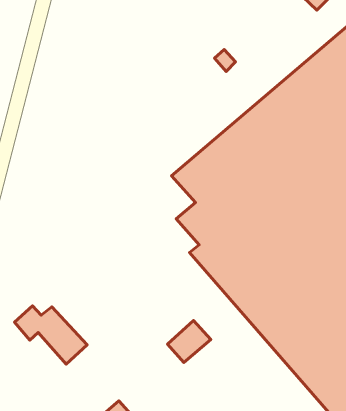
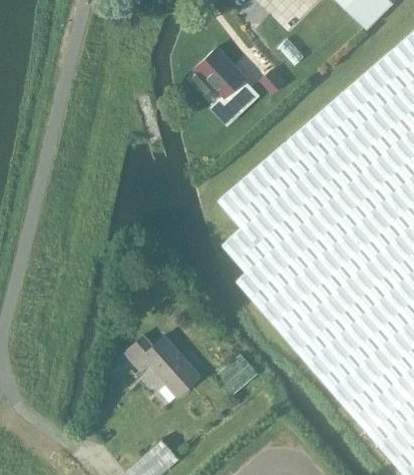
building: none -> [194,47,259,121]
building: [14,306,87,364] -> [123,335,199,396]

